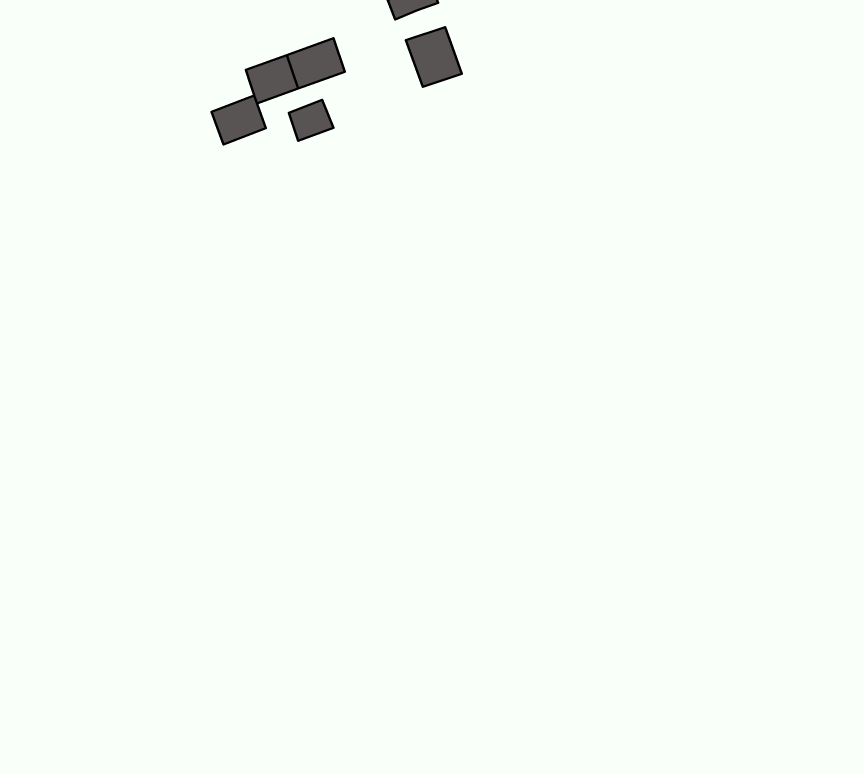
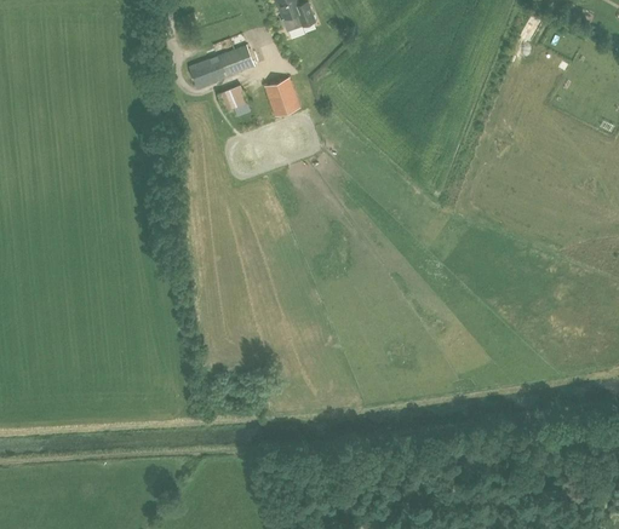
building: [406,27,462,87] -> [264,77,300,116]
building: [211,96,266,145] -> none

